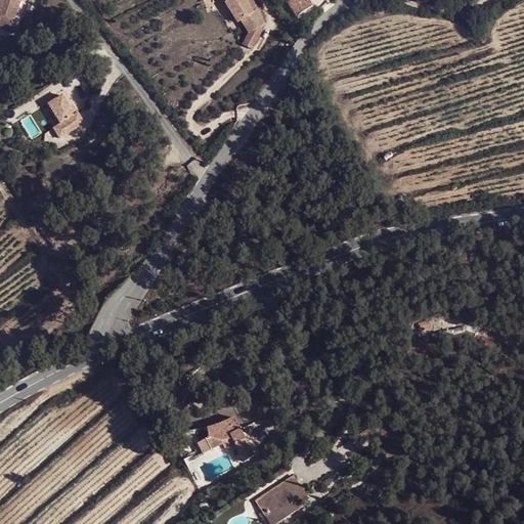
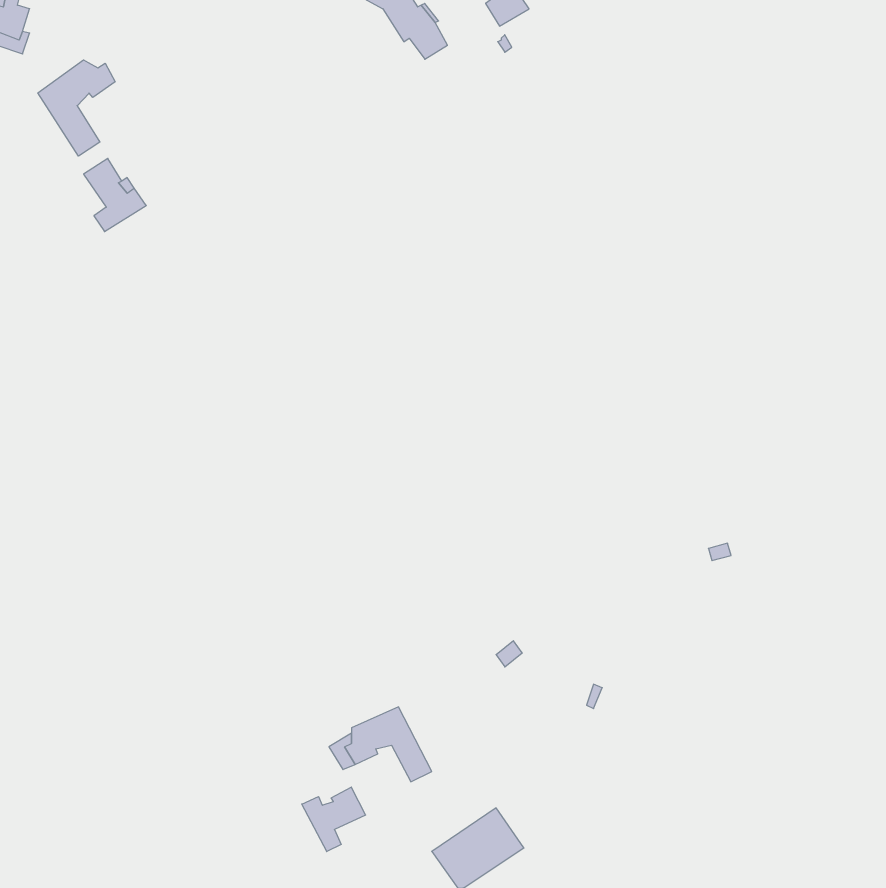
building: none -> [38,60,115,156]
building: none -> [302,787,366,852]

